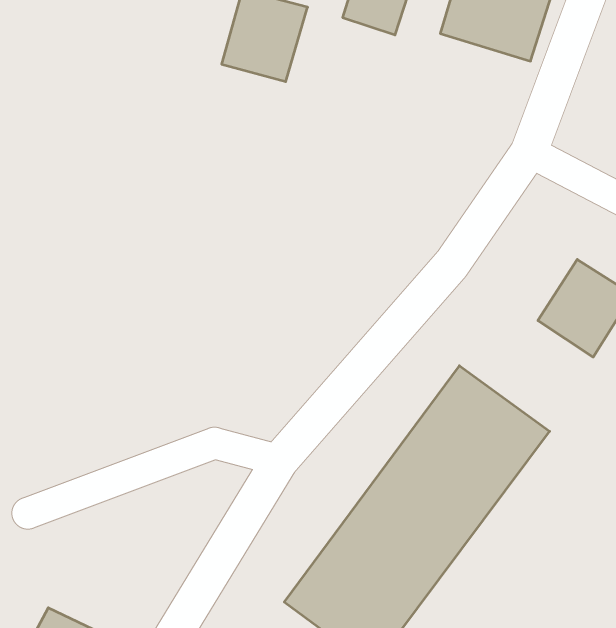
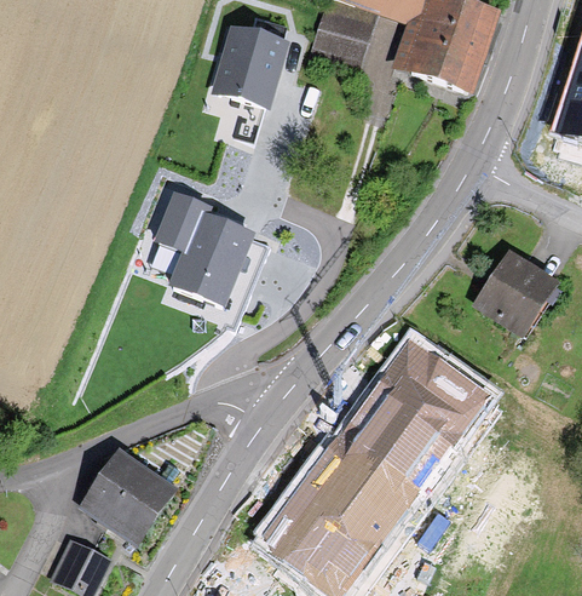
building: none -> [157,193,254,300]
building: none -> [77,446,175,545]

